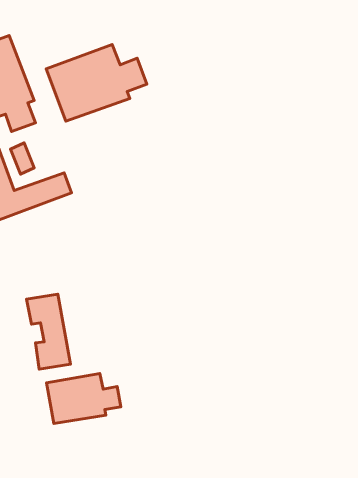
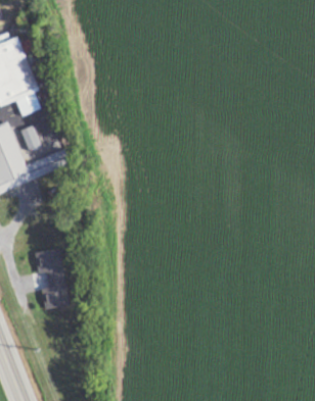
building: [46,45,147,121] -> none
building: [47,373,121,424] -> none

